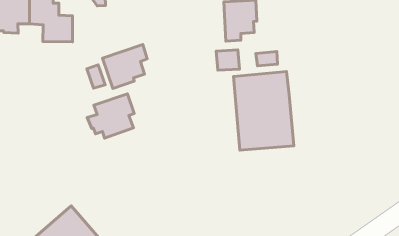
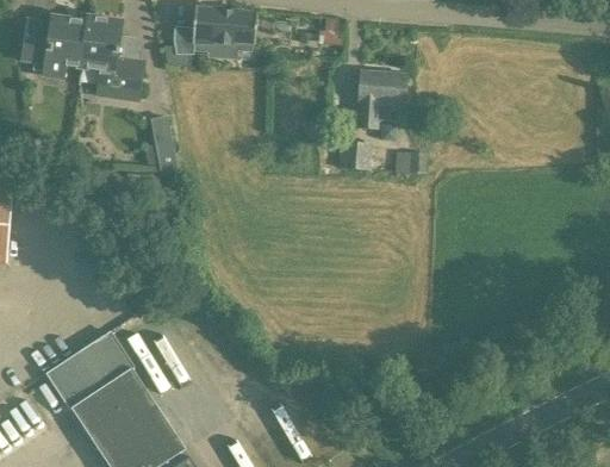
building: [103,44,147,88] -> none
building: [233,72,294,150] -> none
building: [87,94,134,138] -> none

